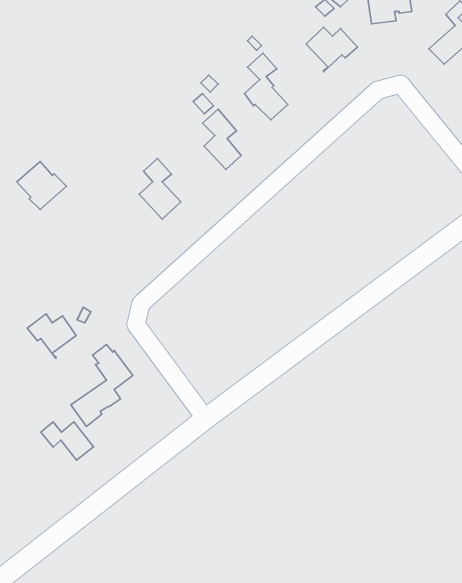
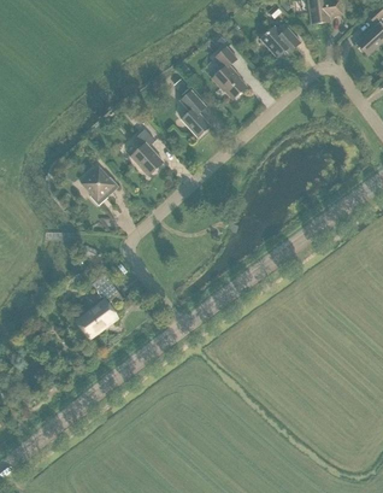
building: [17,162,66,210] -> [81,166,119,204]
building: [27,314,76,358] -> none
building: [41,422,93,460] -> none

